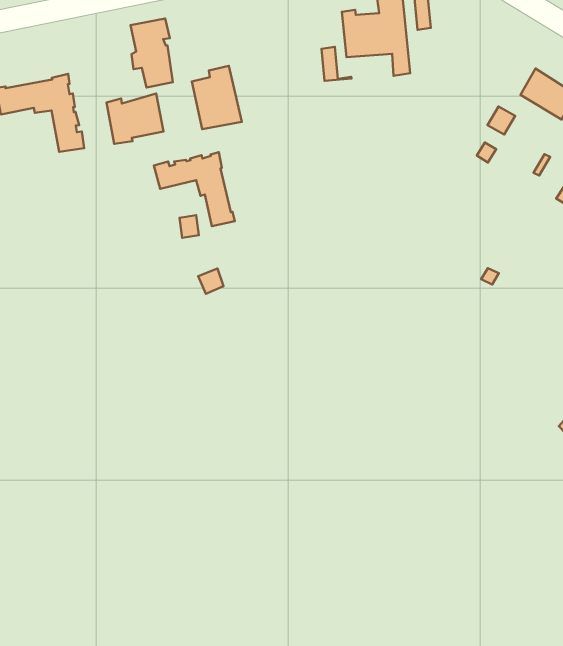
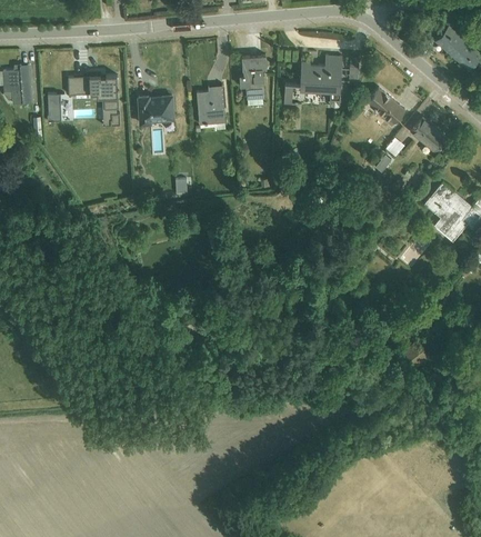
building: [131,18,173,88] -> [240,56,267,99]
building: none -> [368,87,405,126]
building: [154,152,235,226] -> none

